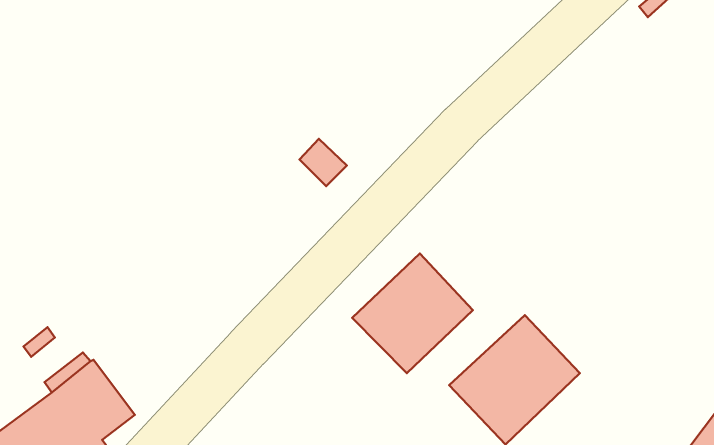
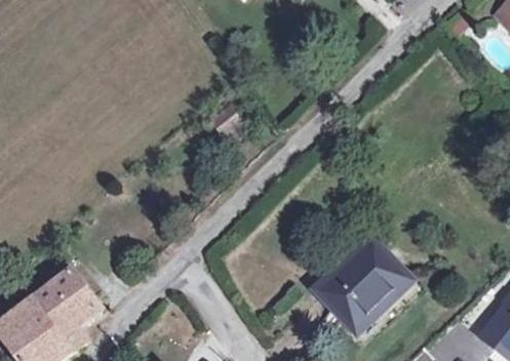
building: [352,253,473,373] -> none

